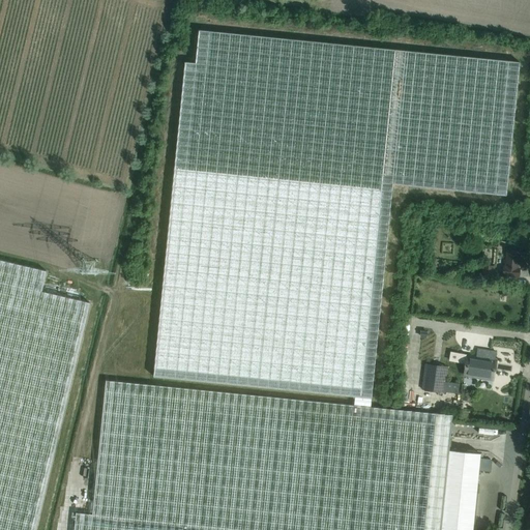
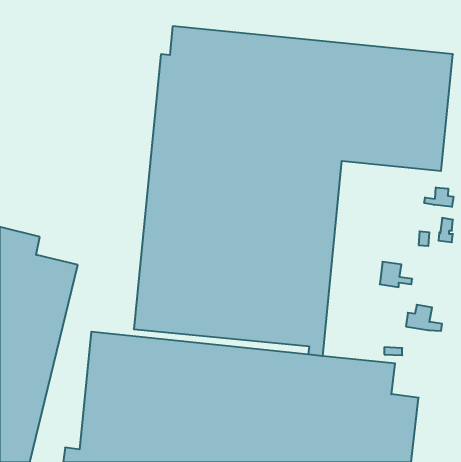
building: none -> [424,187,453,207]
building: [421,364,459,393] -> [380,262,412,287]

